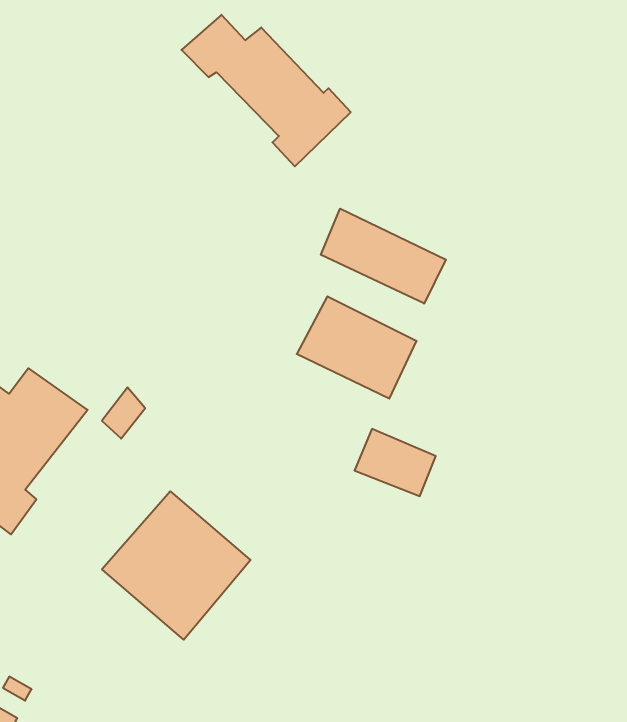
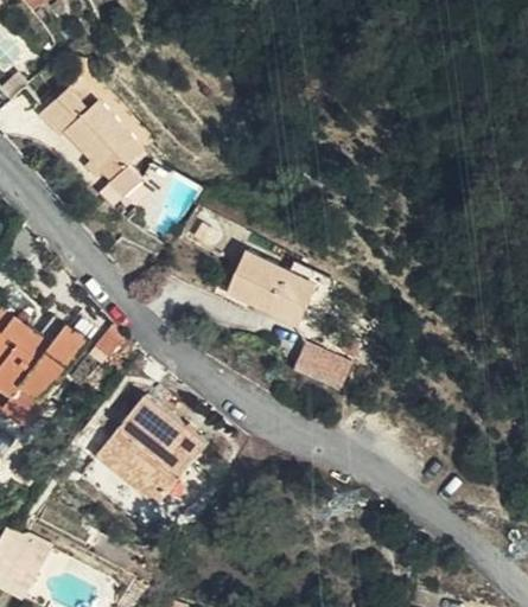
building: [181,15,351,166] -> [36,84,161,197]
building: [321,209,446,304] -> none

